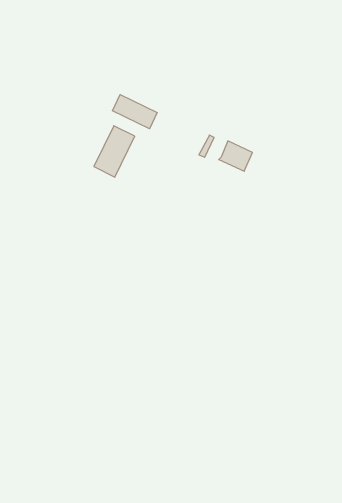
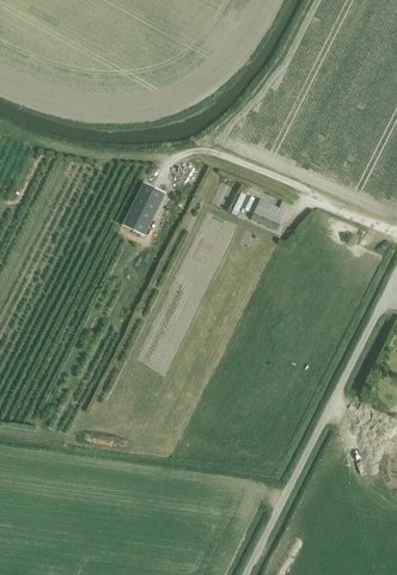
building: [112,95,157,129] -> none

